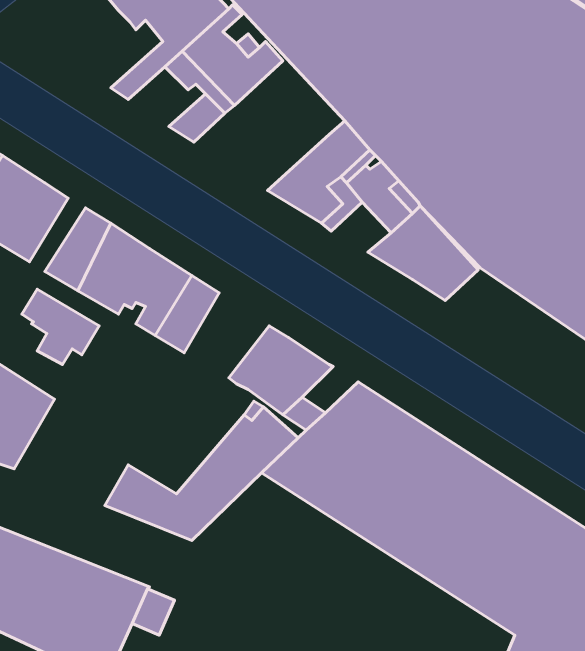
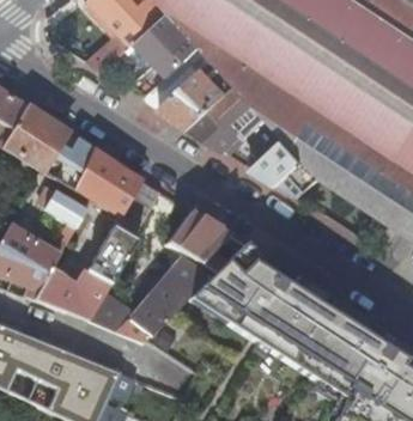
building: none -> [160,68,227,127]
building: none -> [32,226,135,322]

